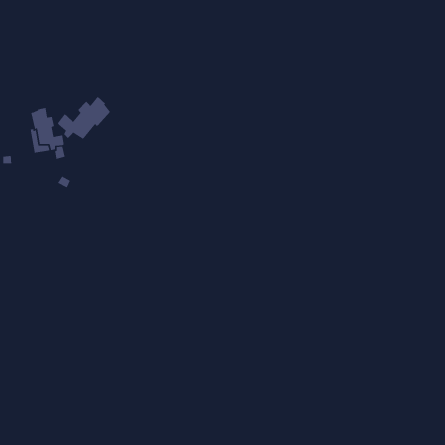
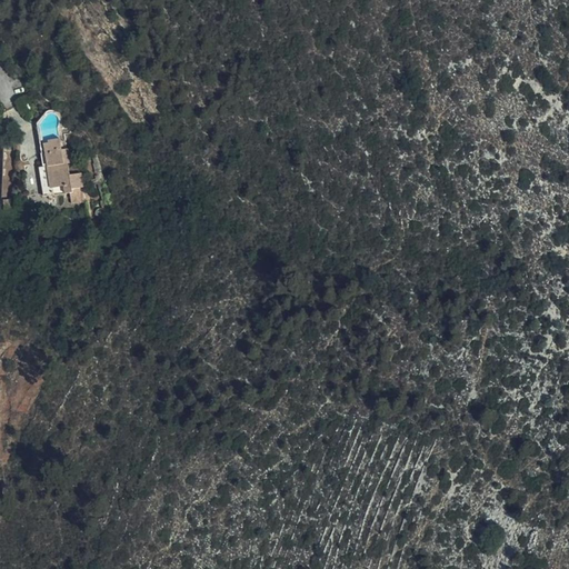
building: [57,96,111,140] -> none

